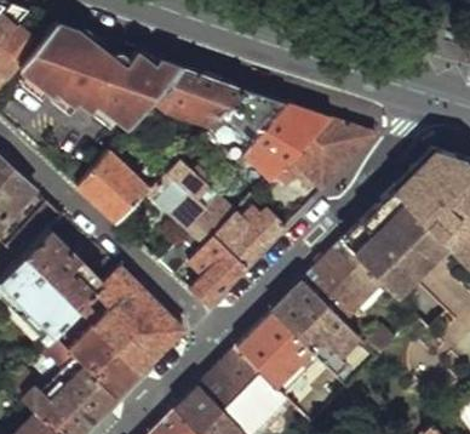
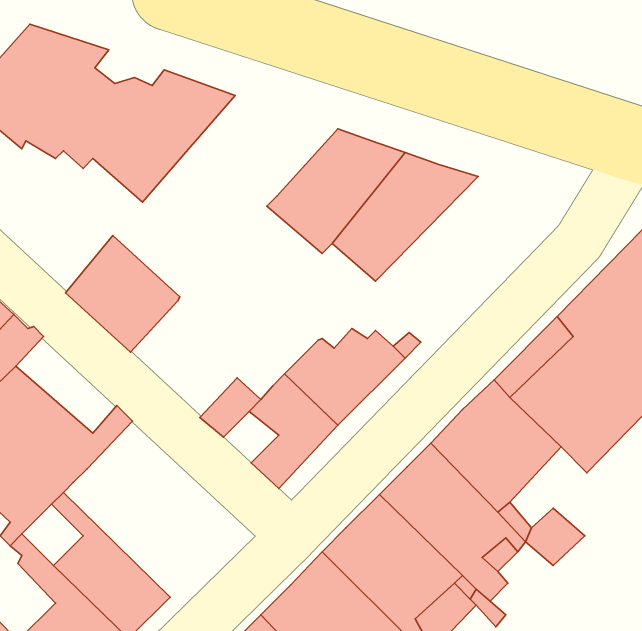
building: [150,68,245,130] -> none
building: [269,118,377,194] -> none
building: [147,165,233,246] -> none
building: [76,268,184,376] -> none

